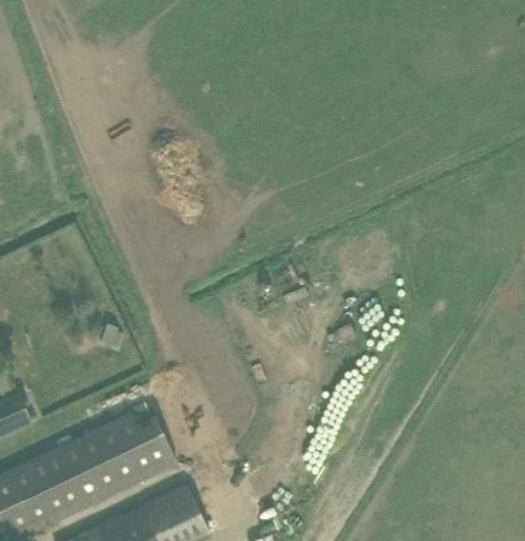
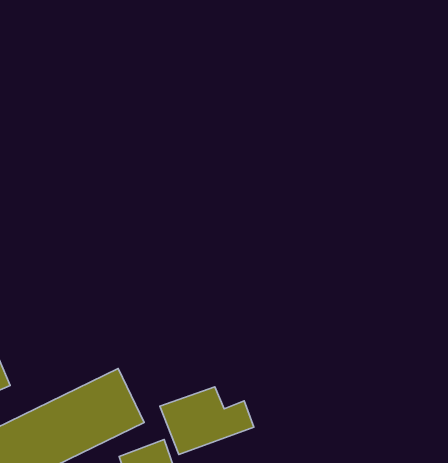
building: none -> [160,387,254,455]

